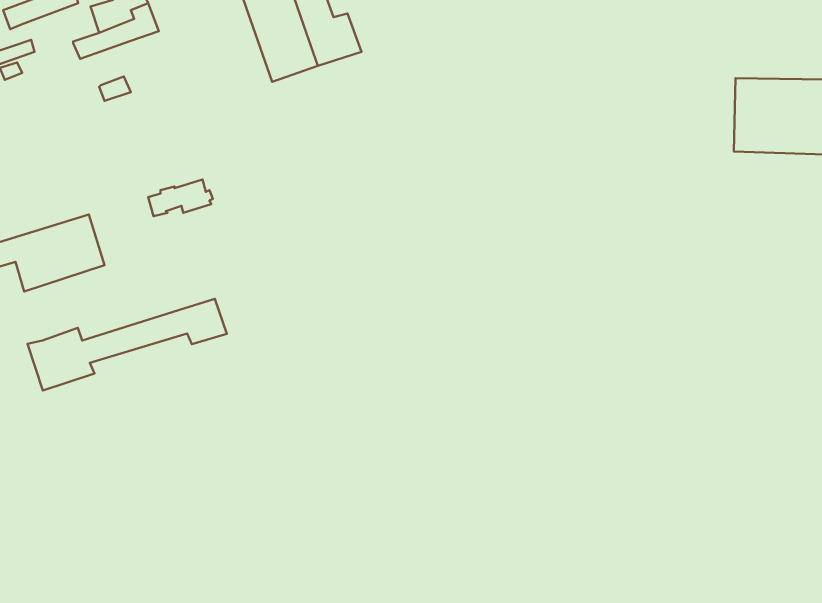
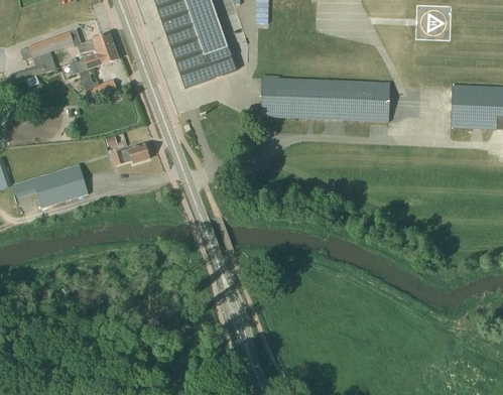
building: none -> [259,77,389,121]
building: [27,299,227,390] -> none

